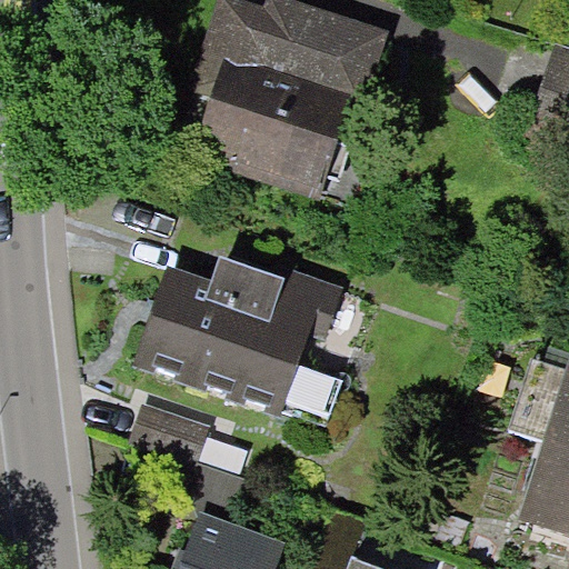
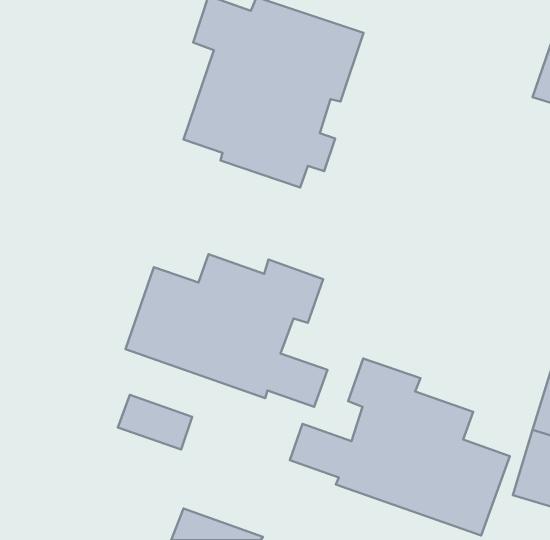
building: none -> [290,359,510,536]

